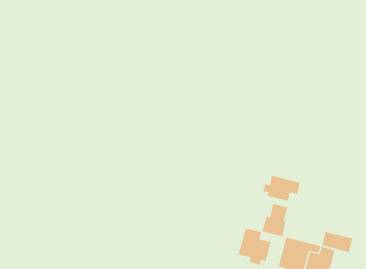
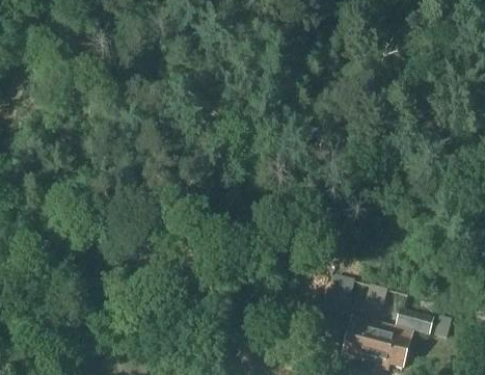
building: [263,175,300,202] -> none
building: [238,228,271,265] -> none

